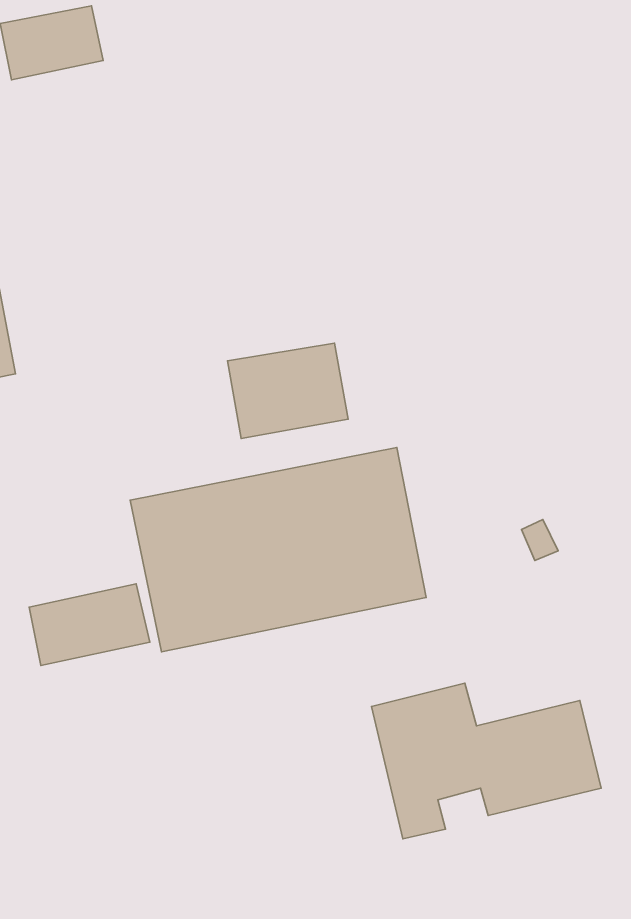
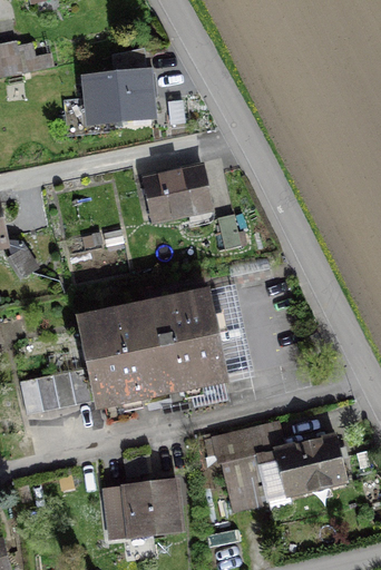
building: none -> [77,69,153,127]
building: [227,343,348,439] -> [146,171,215,226]
building: none -> [98,479,176,537]

